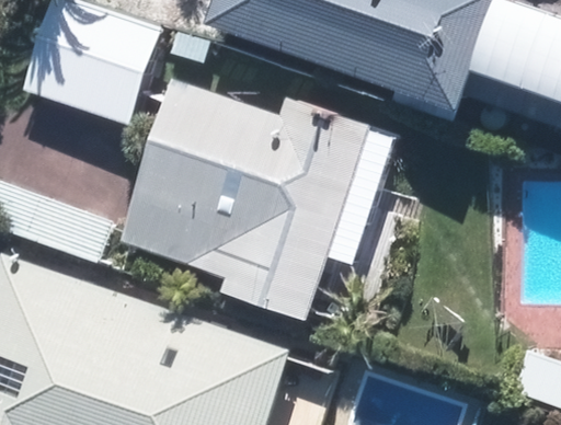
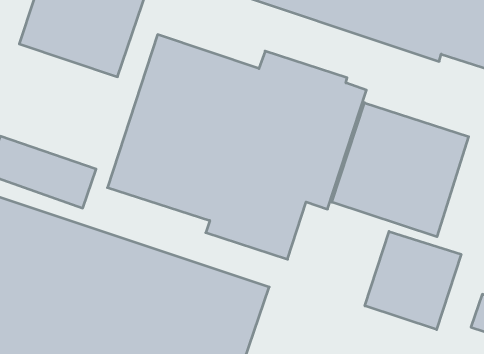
building: none -> [332,103,469,237]
building: none -> [365,231,461,330]

